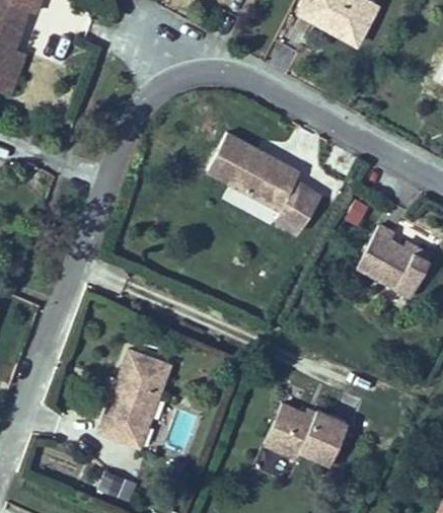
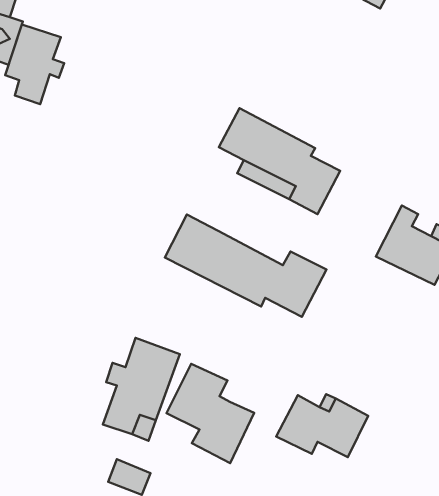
building: none -> [5,25,64,104]
building: none -> [165,215,326,317]
building: none -> [166,364,254,463]

